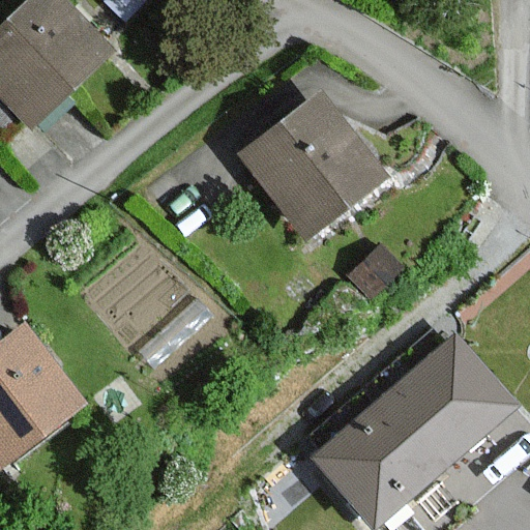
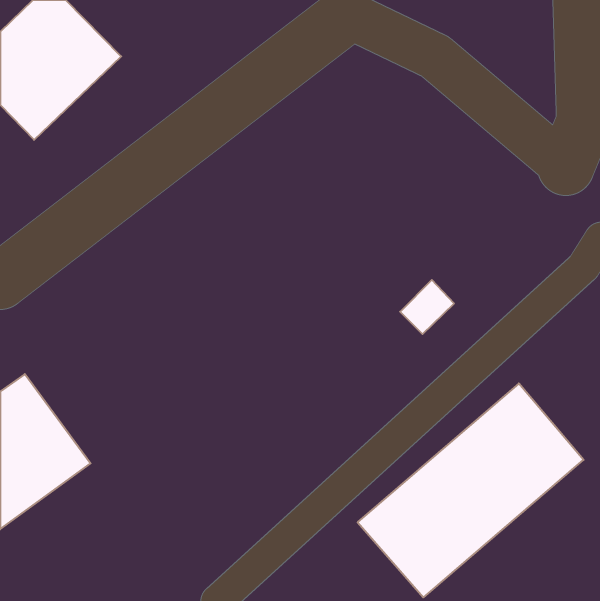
building: [240,95,381,238] -> none

